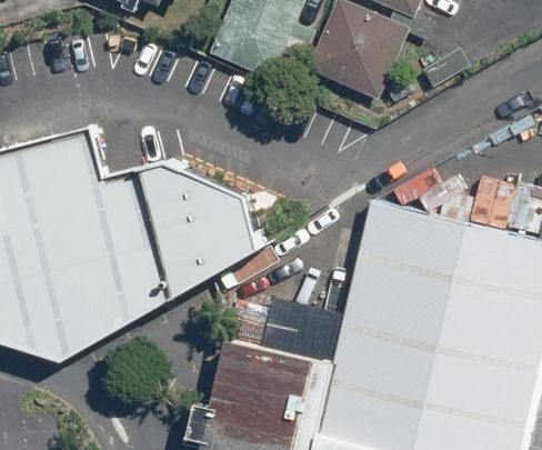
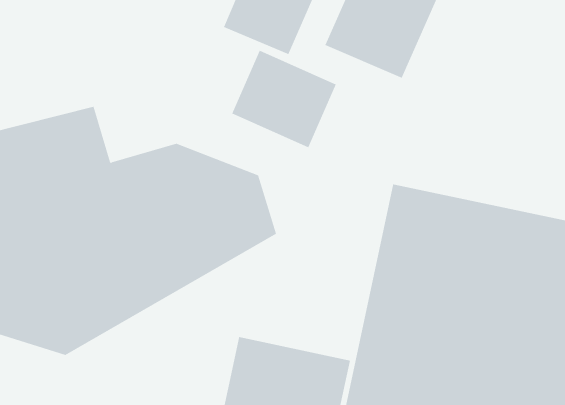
building: none -> [232,50,337,148]

